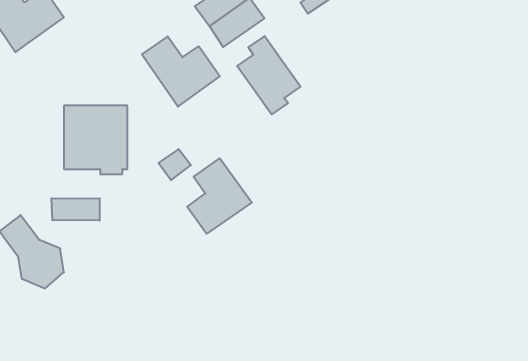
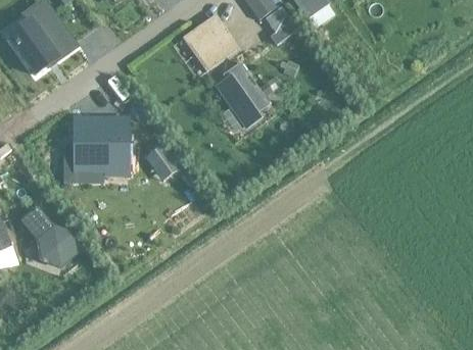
building: [142,36,220,107] -> none
building: [187,158,252,234] -> none
building: [51,198,100,221] -> none

